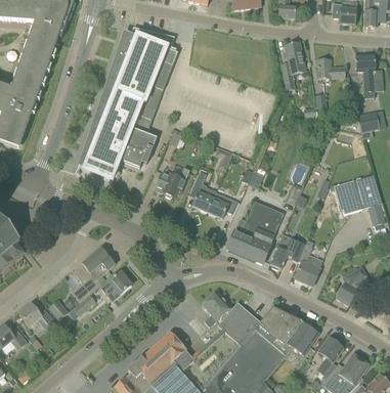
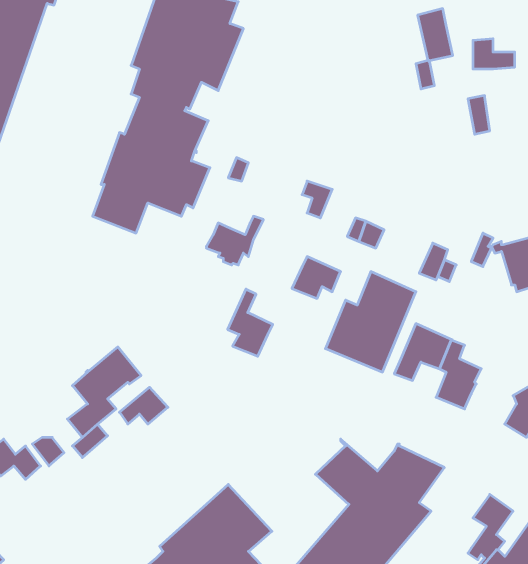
building: [188,170,216,211] -> [228,289,273,356]
building: [202,291,230,326] -> none
building: [285,319,318,356] -> none

